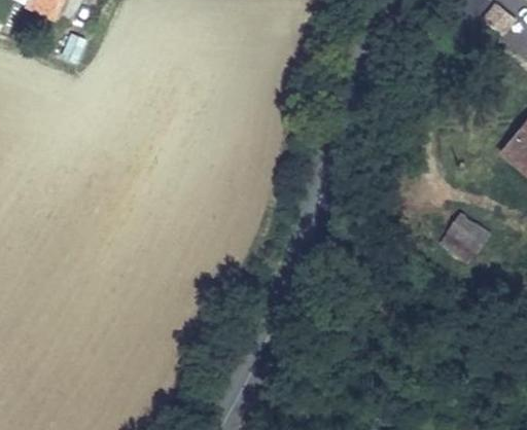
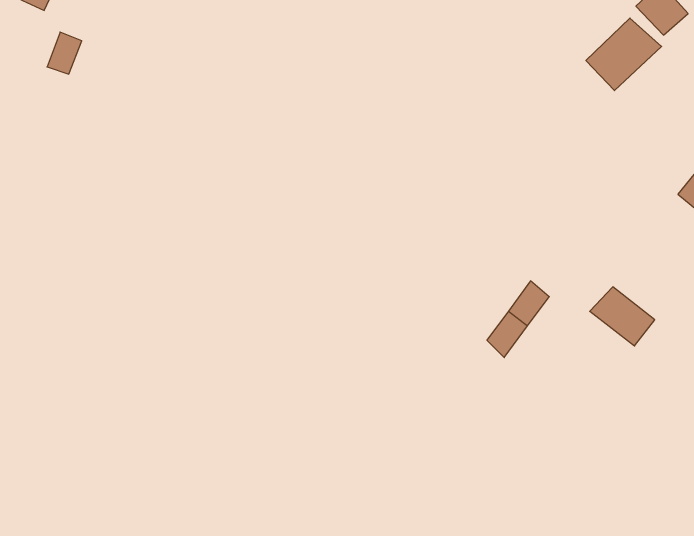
building: none -> [586,18,662,91]

